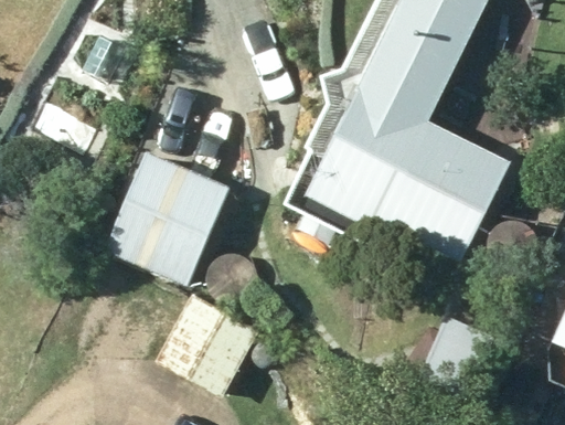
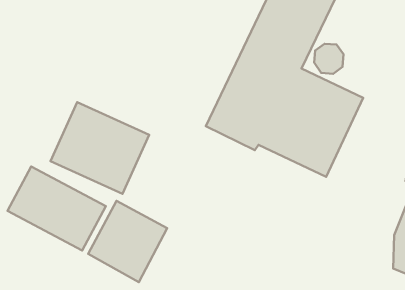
building: none -> [8,167,106,250]

